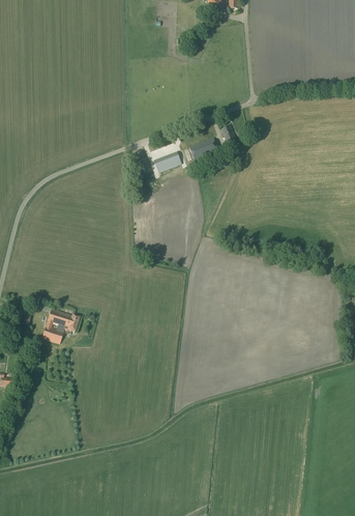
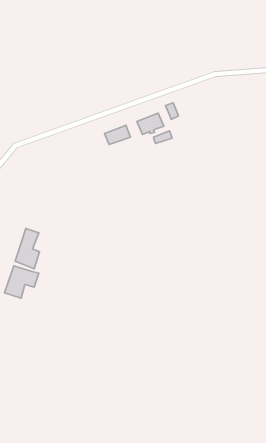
building: none -> [15,228,40,269]

